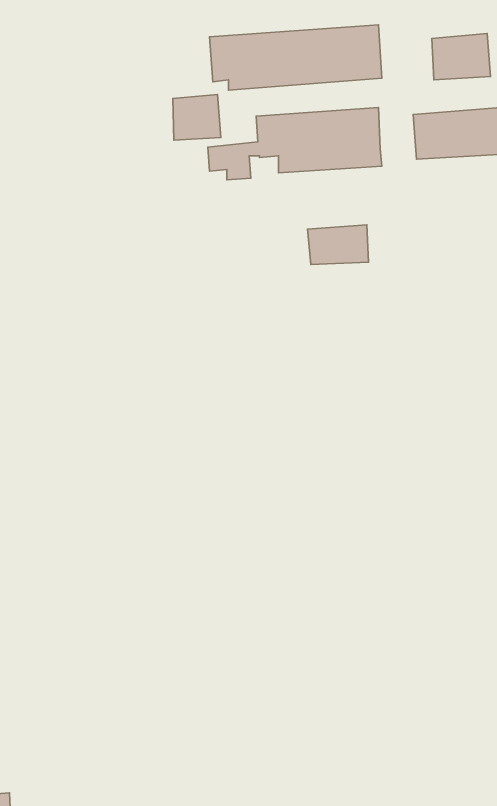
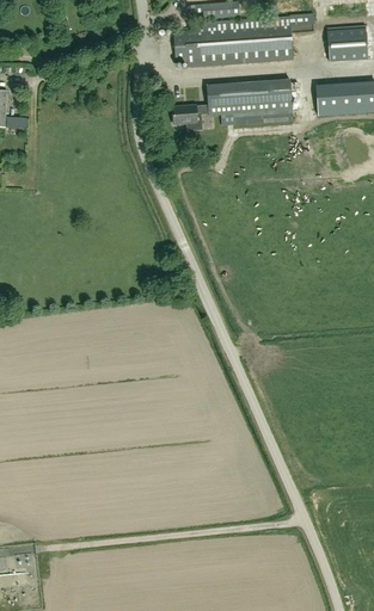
building: [173,95,221,140] -> none
building: [307,225,369,265] -> none

